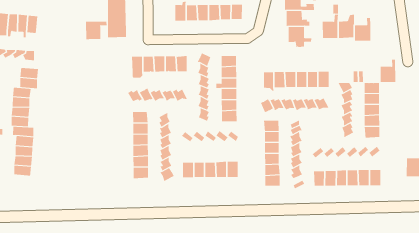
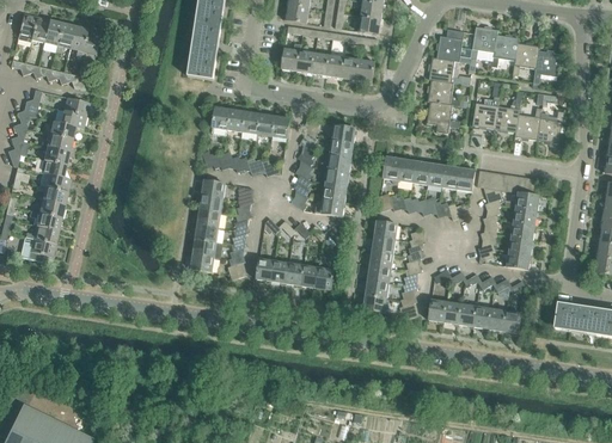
building: [86,21,107,40] -> none
building: [380,59,396,83] -> [537,110,563,142]
building: none -> [18,235,54,262]

